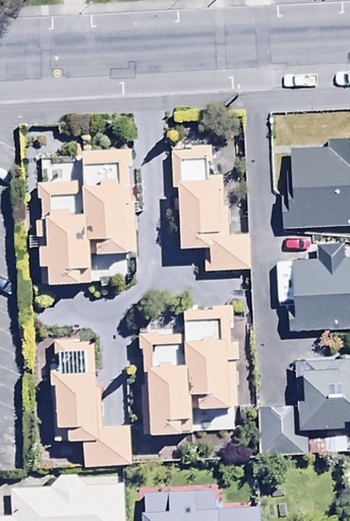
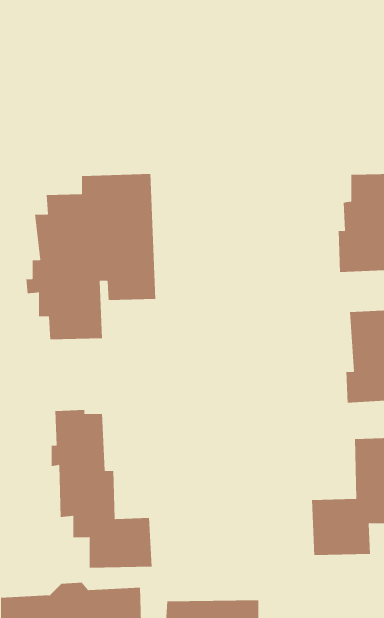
building: [170,147,250,272] -> none
building: [137,306,238,432] -> none

